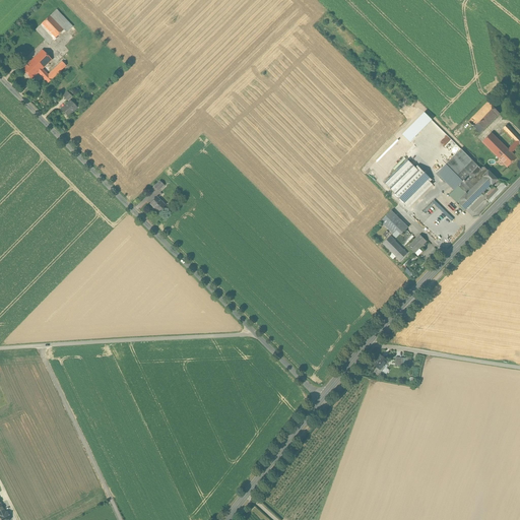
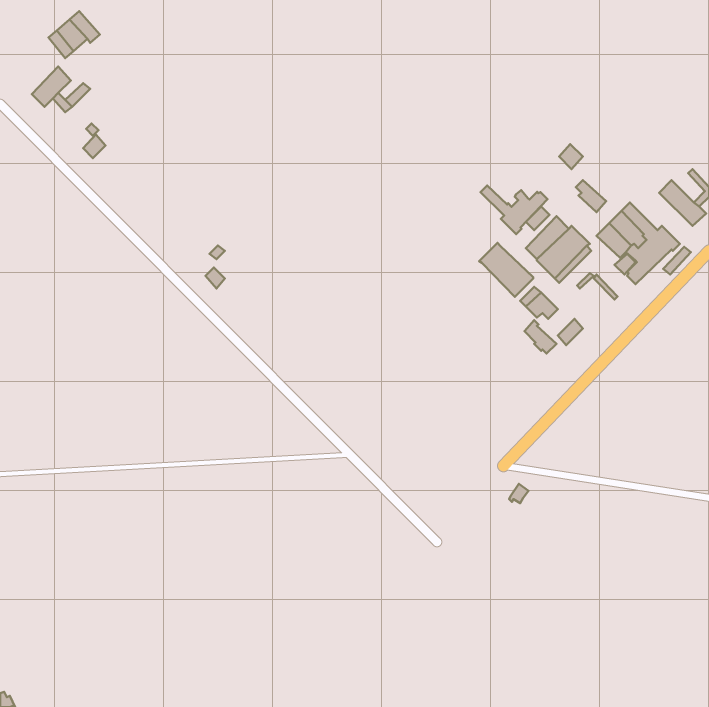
building: [468,101,500,133] -> none
building: none -> [481,186,548,234]
building: none -> [479,243,533,297]

